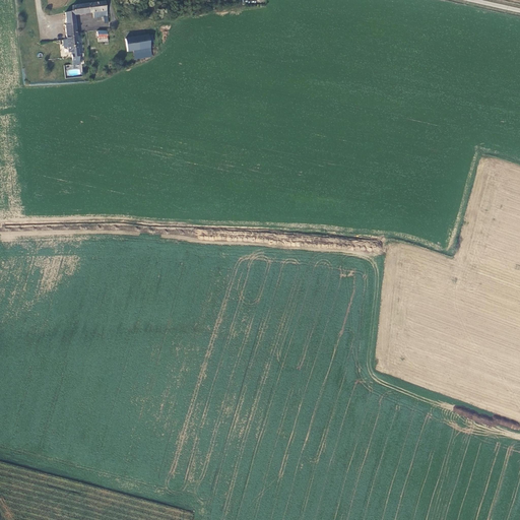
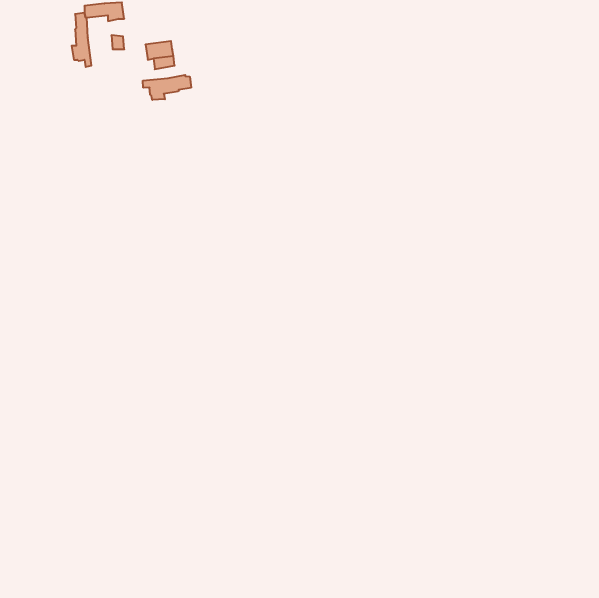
building: none -> [143,75,191,100]

